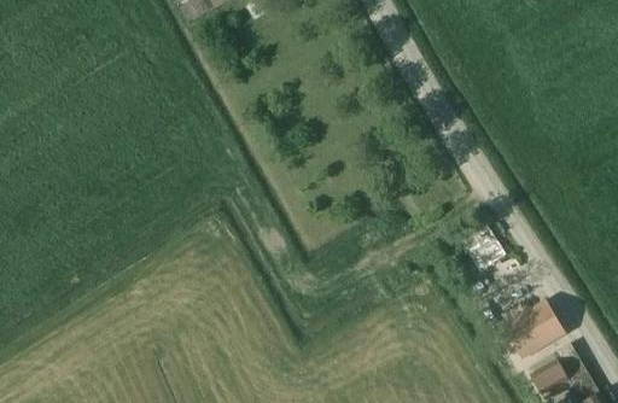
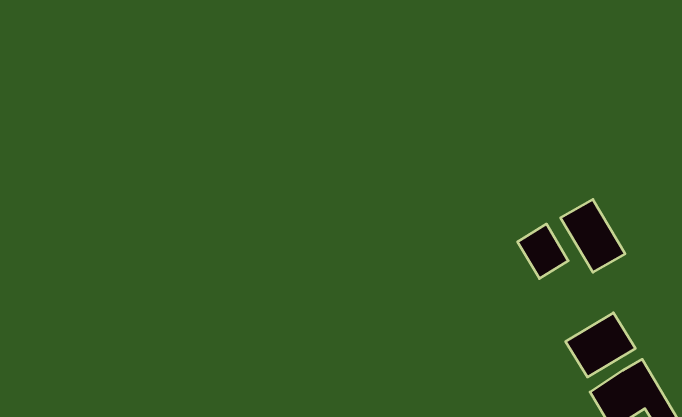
building: none -> [561,199,625,272]

